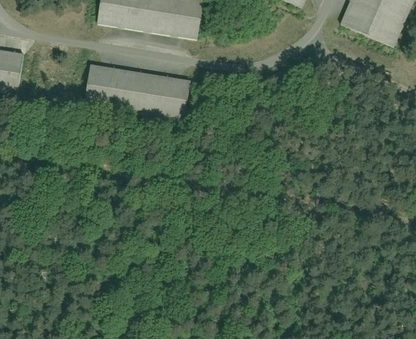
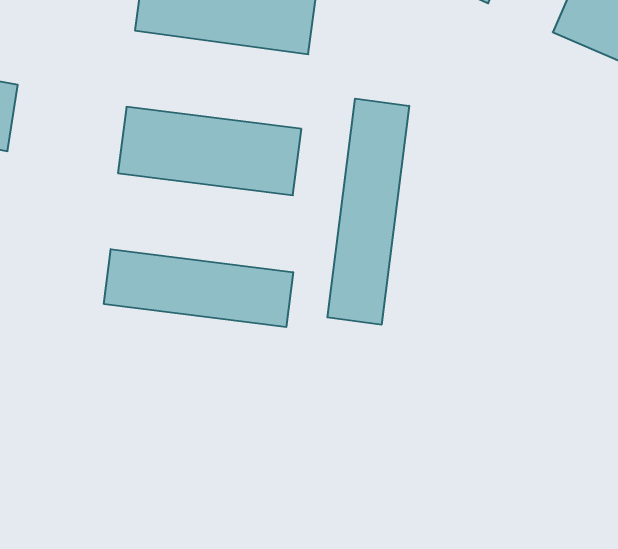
building: none -> [327,99,409,325]
building: none -> [104,249,293,327]

